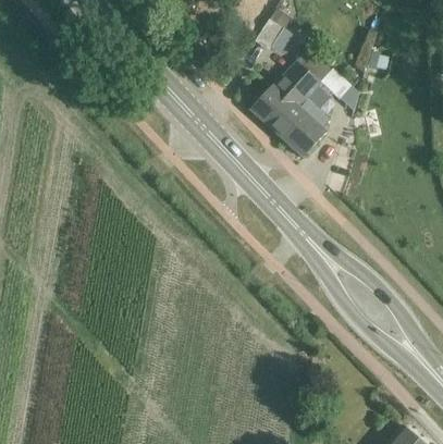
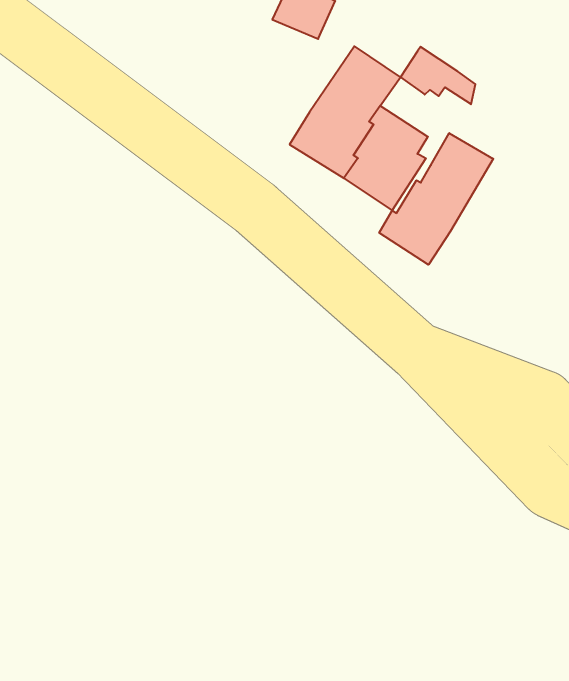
building: none -> [379,133,493,265]

